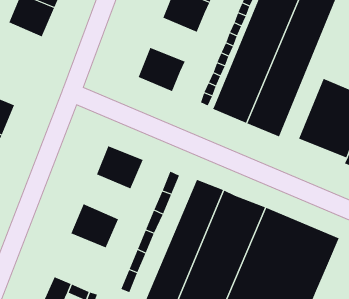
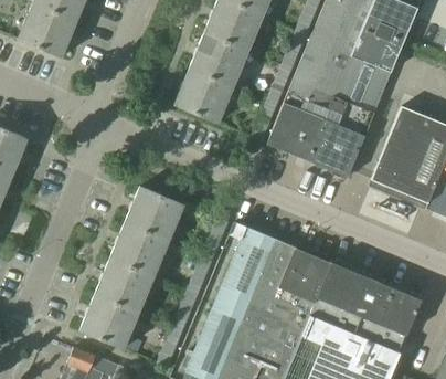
building: none -> [191,33,248,86]
building: none -> [110,223,168,277]
building: none -> [81,295,138,348]

